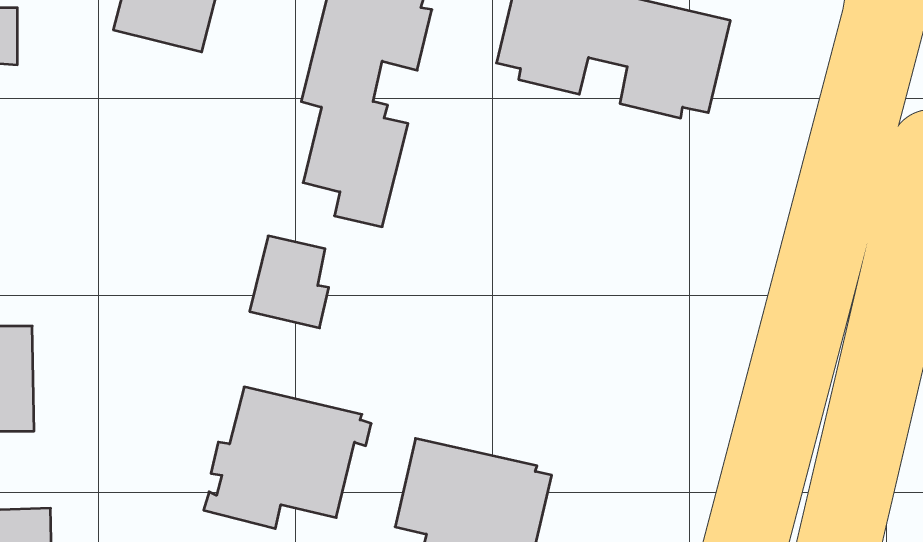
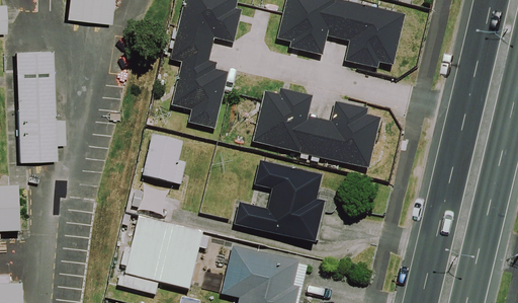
building: none -> [19,53,63,160]
building: none -> [251,86,380,168]
building: none -> [233,160,325,241]

